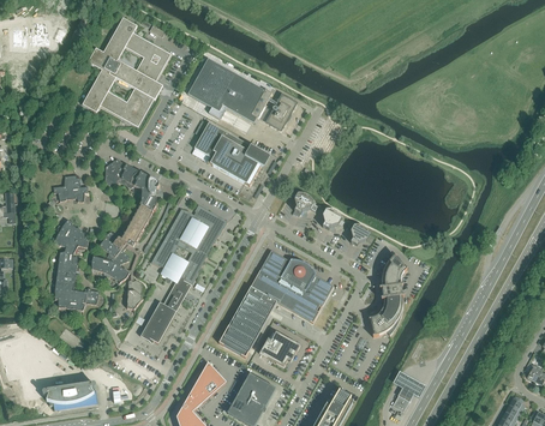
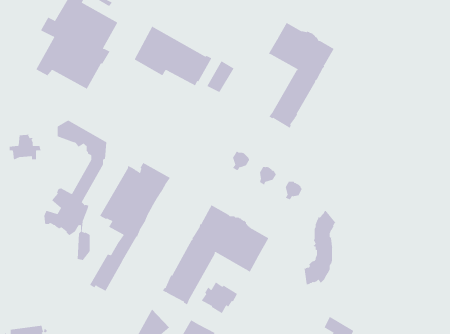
building: none -> [268,22,335,129]
building: [193,122,265,186] -> none
building: [53,220,98,311] -> none

